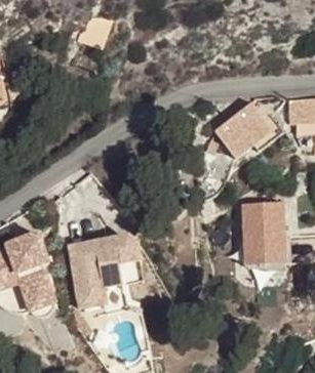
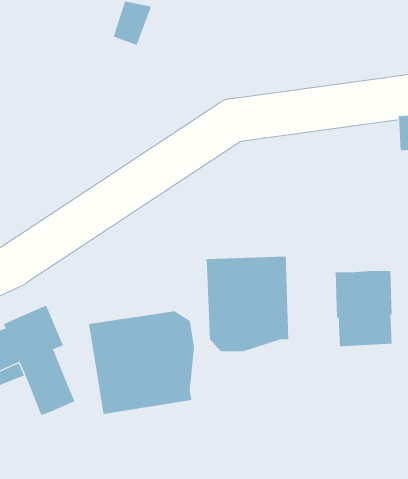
building: [213,103,270,158] -> none
building: none -> [206,256,289,352]

